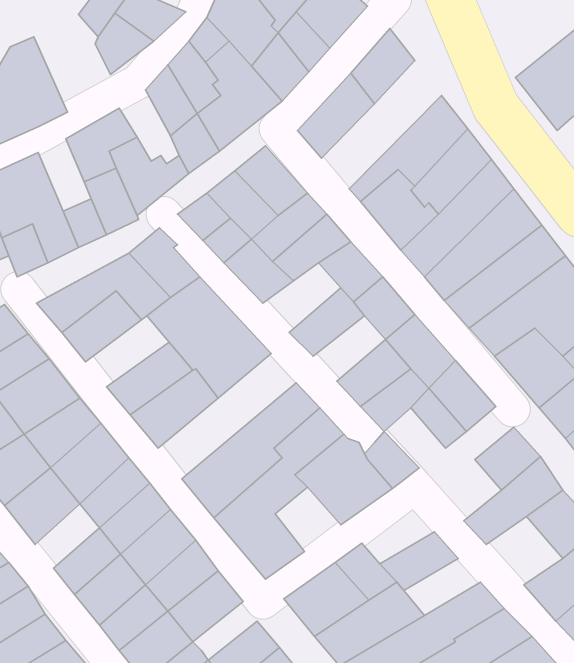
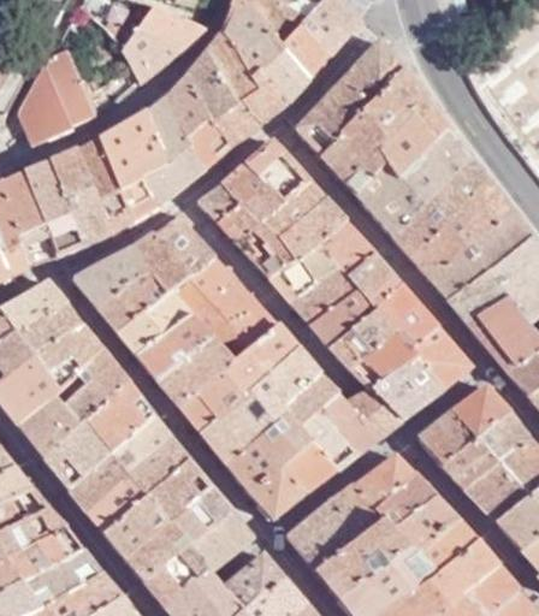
building: none -> [319,69,422,179]
building: none -> [144,94,196,158]
building: none -> [75,136,120,199]
building: none -> [268,243,336,303]
building: none -> [116,289,188,350]
building: none -> [312,289,374,345]
building: none -> [178,321,297,430]
building: none -> [373,368,426,420]
building: none -> [417,413,474,466]
building: none -> [279,437,336,492]
building: none -> [72,451,128,507]
building: none -> [354,455,416,503]
building: none -> [461,462,527,521]
building: none -> [390,498,456,547]

